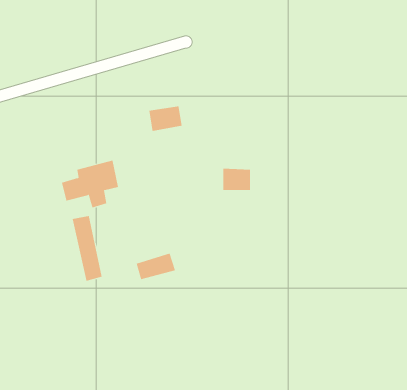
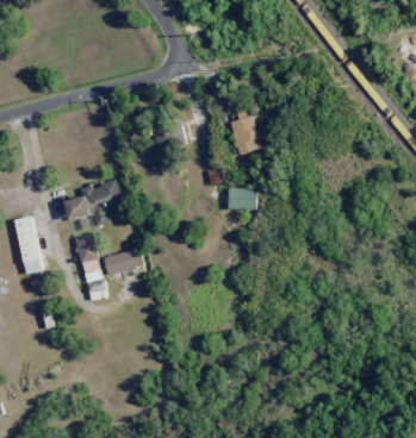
building: none -> [229,115,261,155]
building: none -> [14,215,43,275]
building: [136,253,176,280] -> [104,248,144,275]

